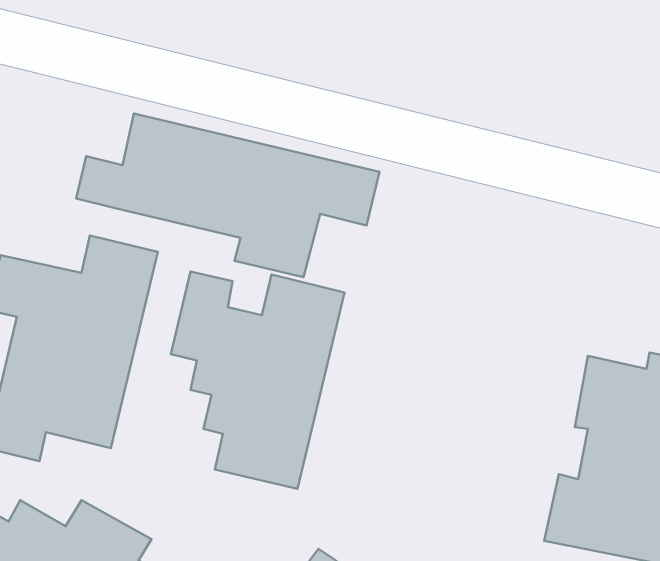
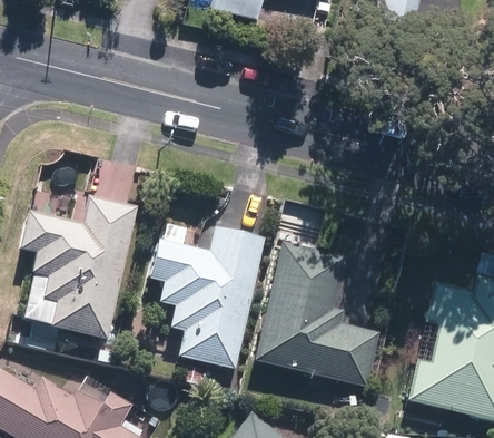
building: [76,113,379,277] -> none
building: none -> [255,202,385,389]

